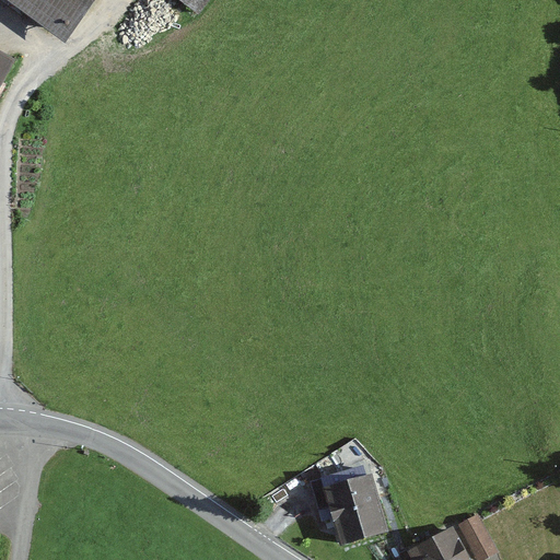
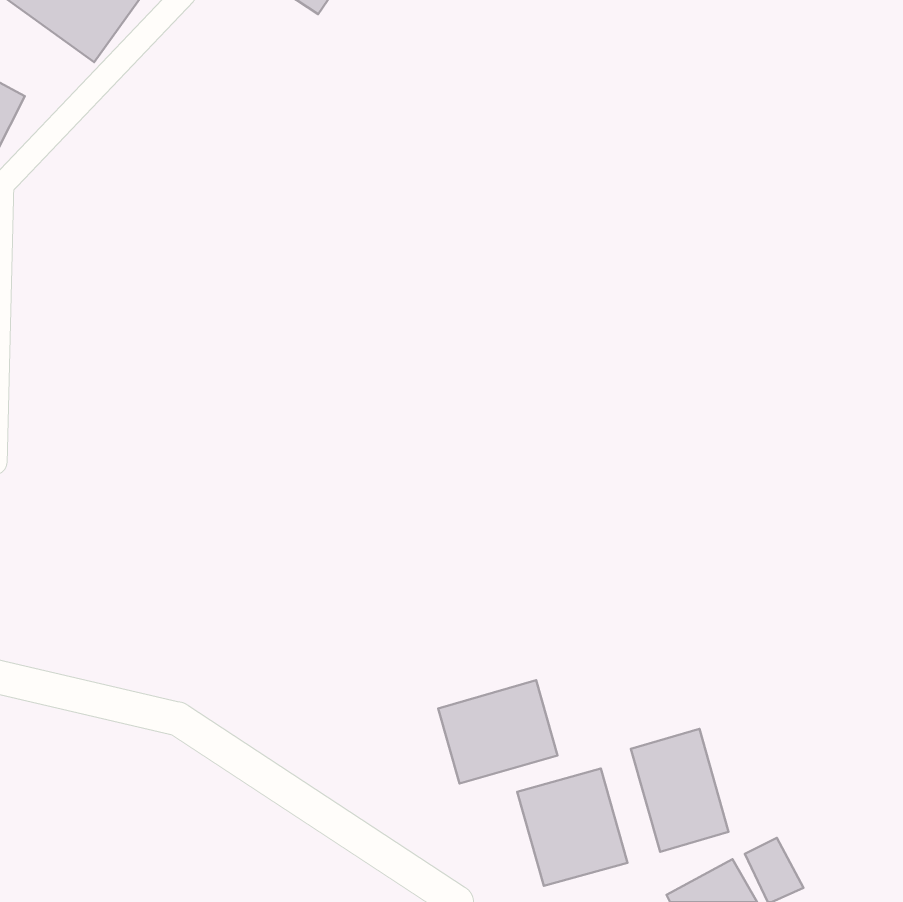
building: none -> [438,680,557,784]
building: none -> [631,729,729,852]

